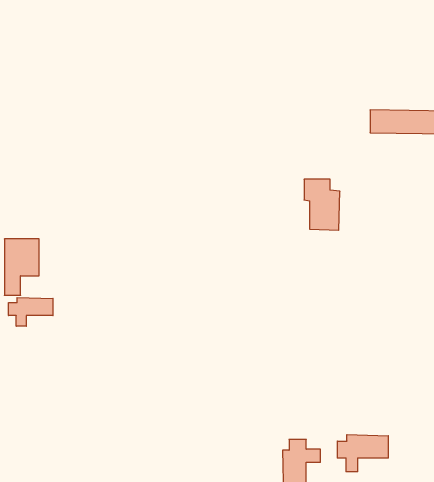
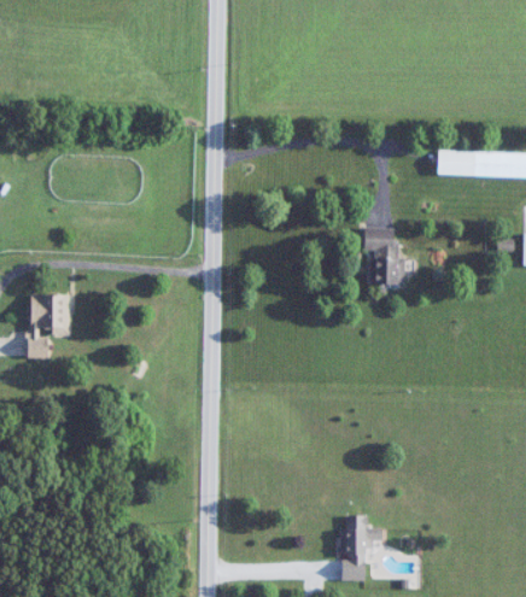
building: [9,298,53,326] -> none
building: [337,435,388,472] -> none

